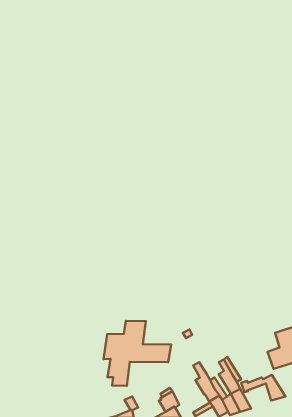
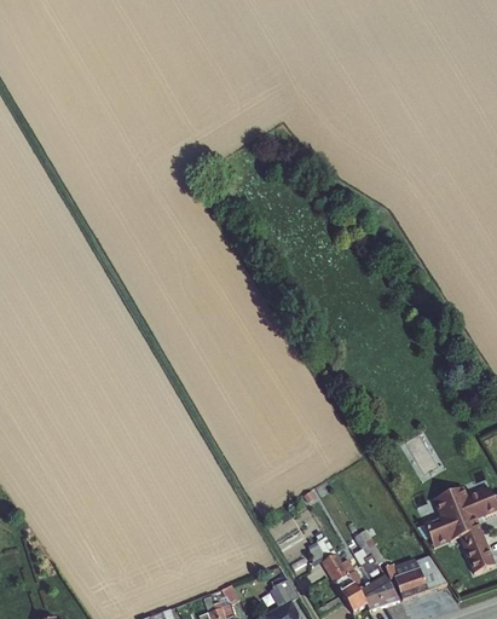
building: [104,321,171,386] -> none
building: none -> [392,567,426,600]

